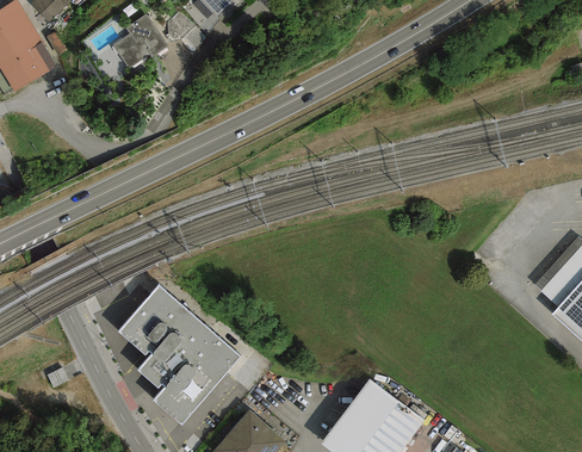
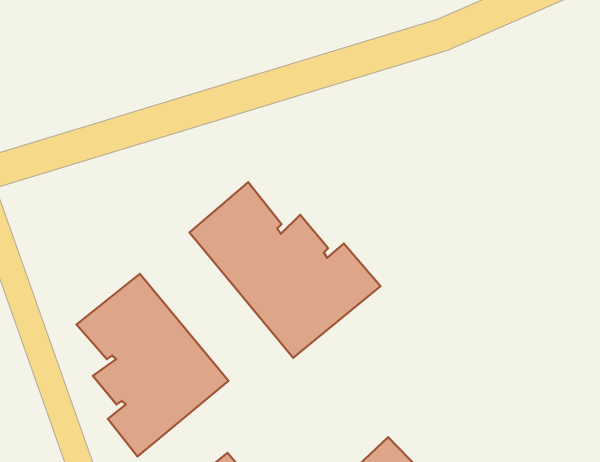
building: none -> [189,182,381,358]

